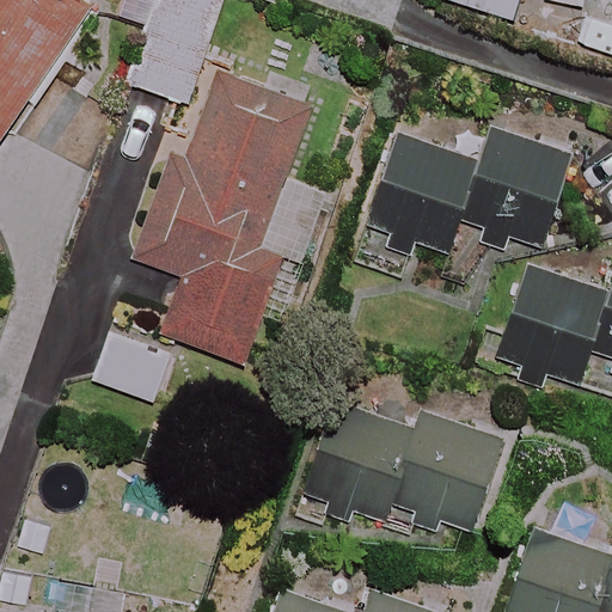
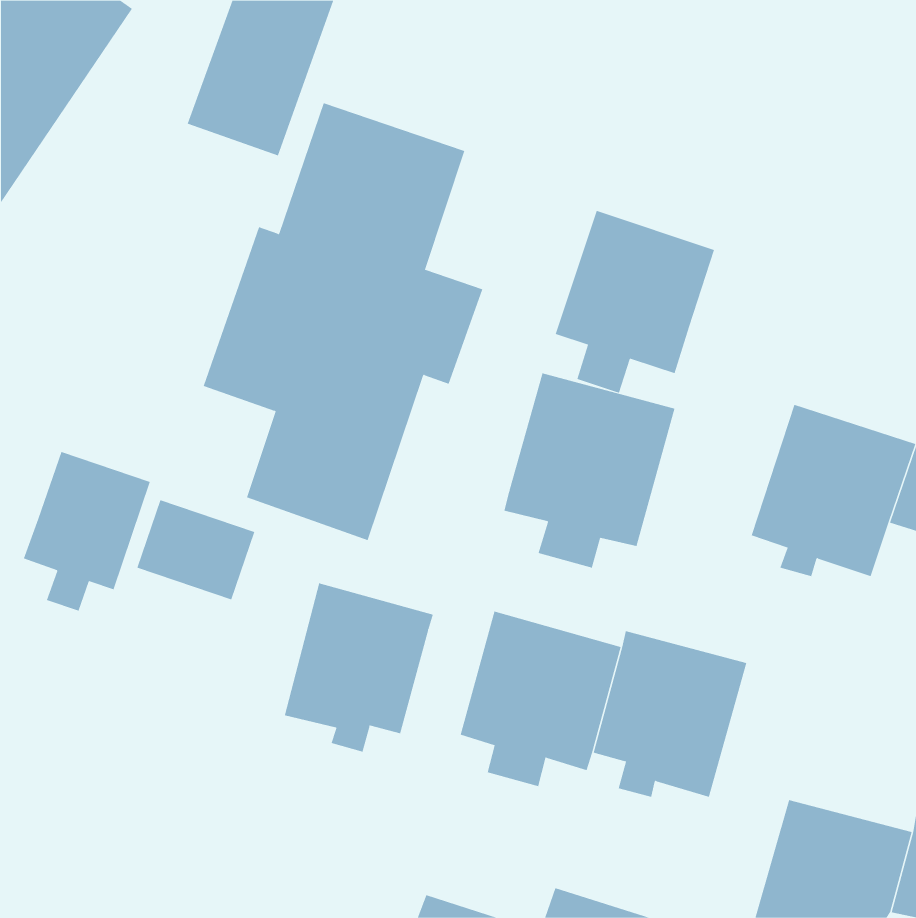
building: [460,130,570,251] -> none
building: none -> [504,373,675,569]
building: none -> [23,451,151,612]
building: none -> [284,583,434,752]

